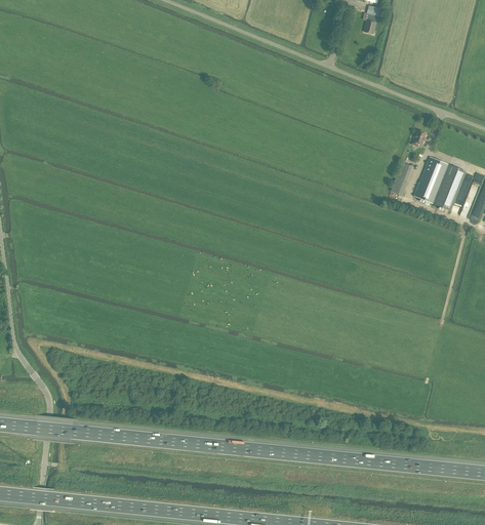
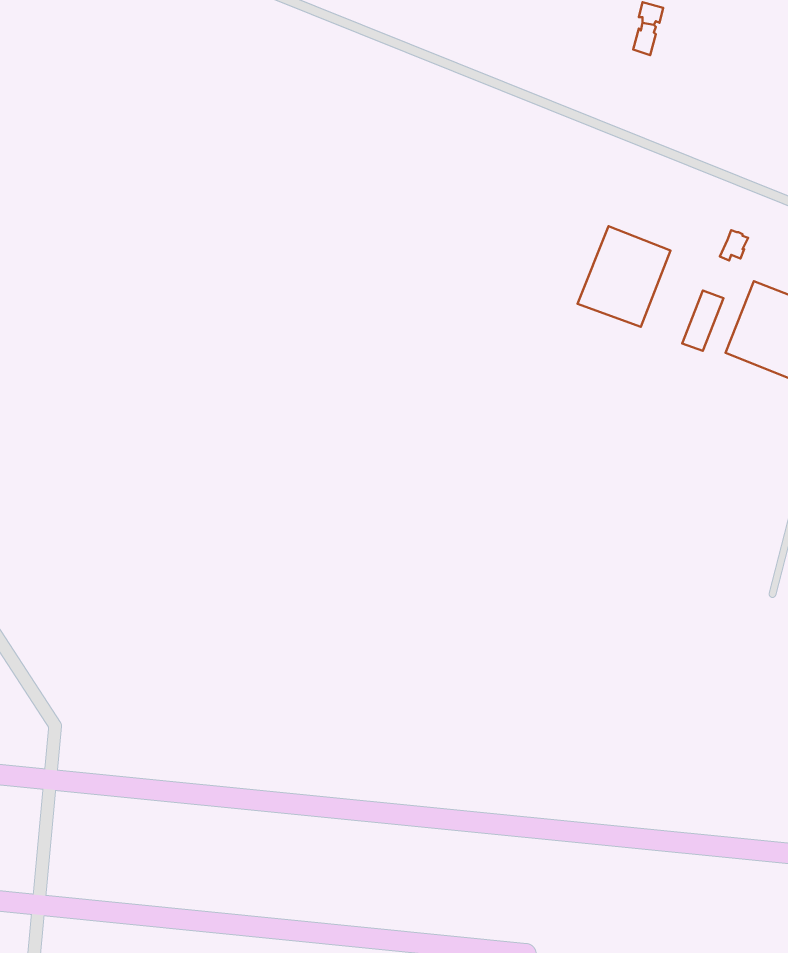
building: none -> [577,226,671,327]

